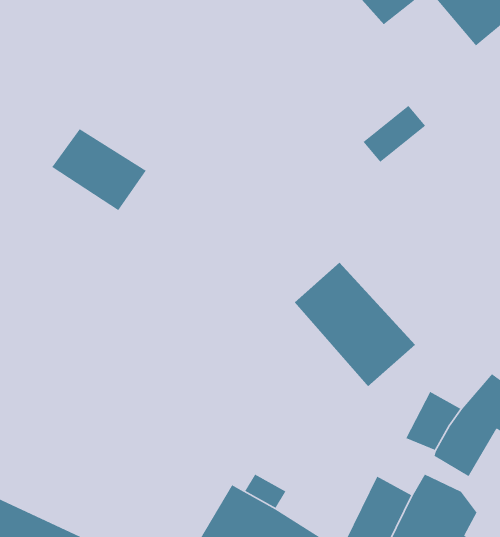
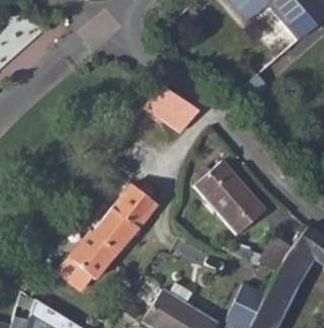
building: [51,128,147,211] -> [143,86,197,134]
building: none -> [64,185,156,283]

